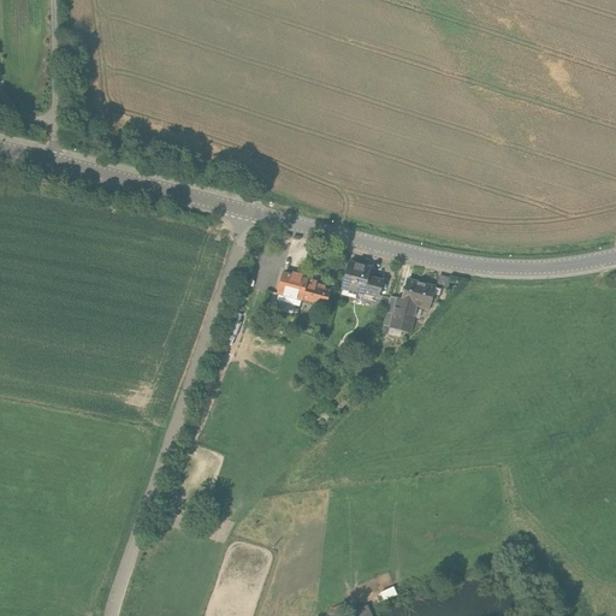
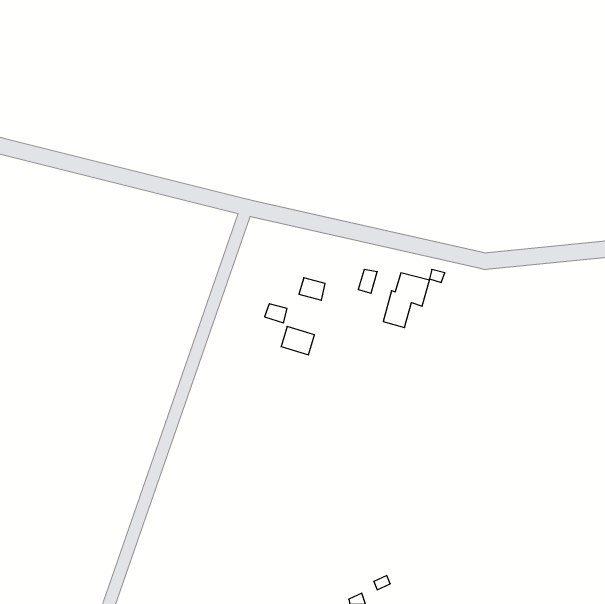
building: [342,265,371,294] -> none
building: [276,272,309,301] -> [281,326,314,355]

